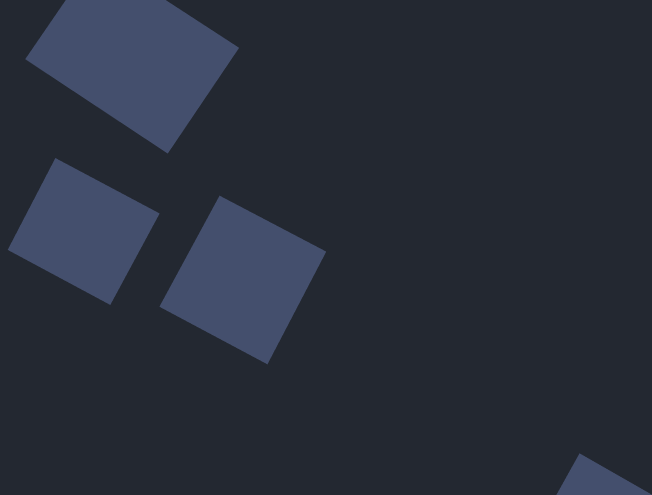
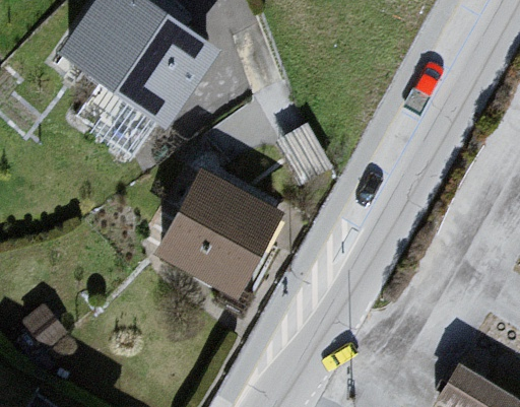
building: [7,157,161,306] -> none

